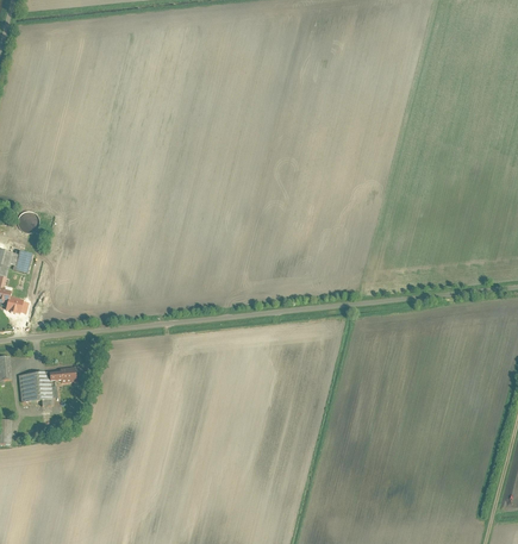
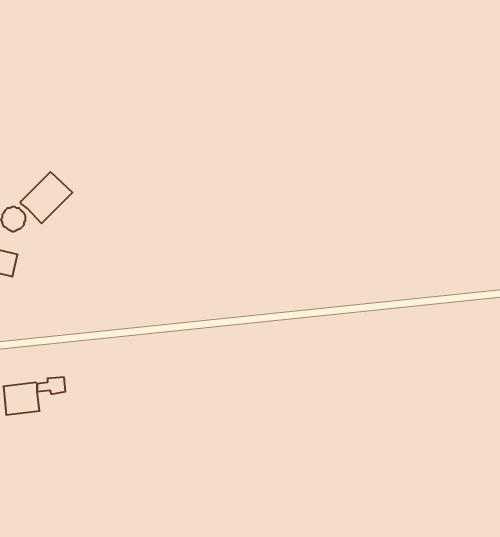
building: none -> [21,172,72,223]

